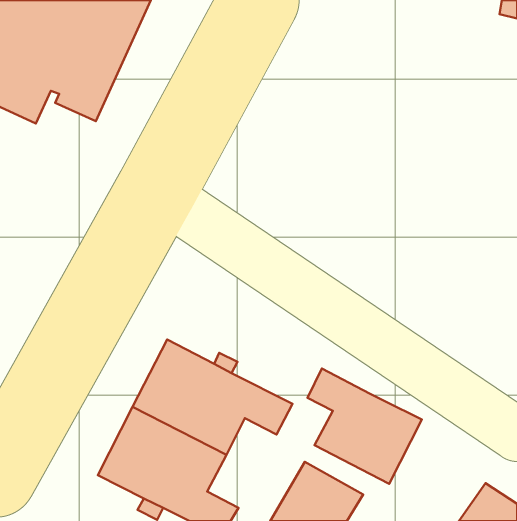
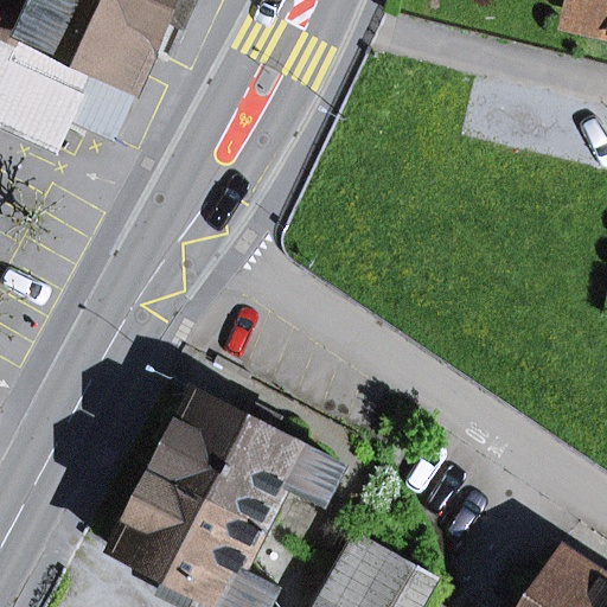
building: [307,368,422,484] -> none

